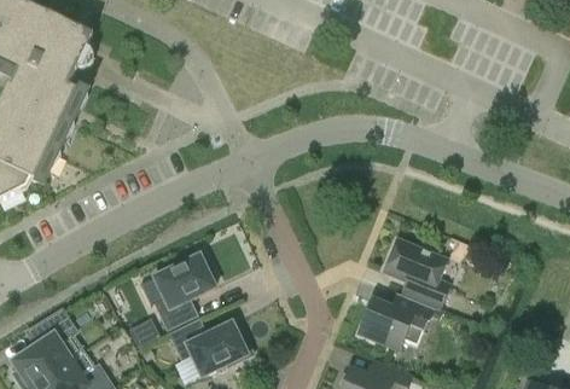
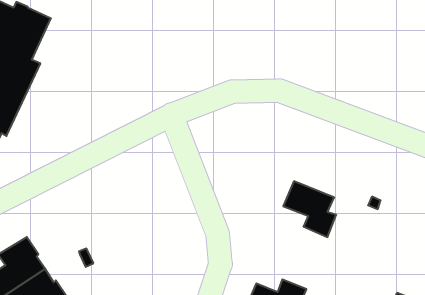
building: [153,250,215,327] -> none
building: [357,295,432,349] -> none
building: [169,319,252,376] -> none

